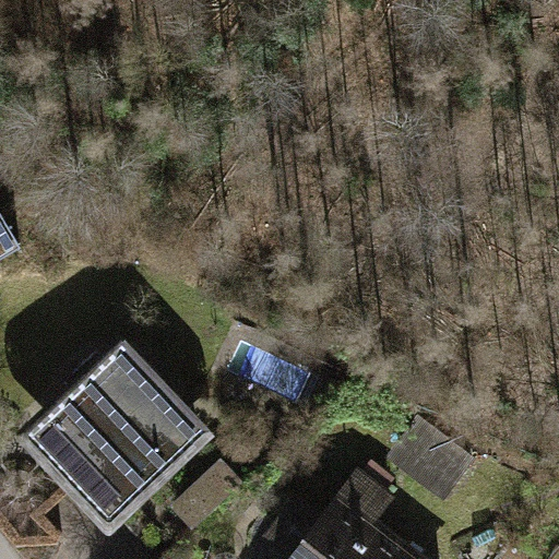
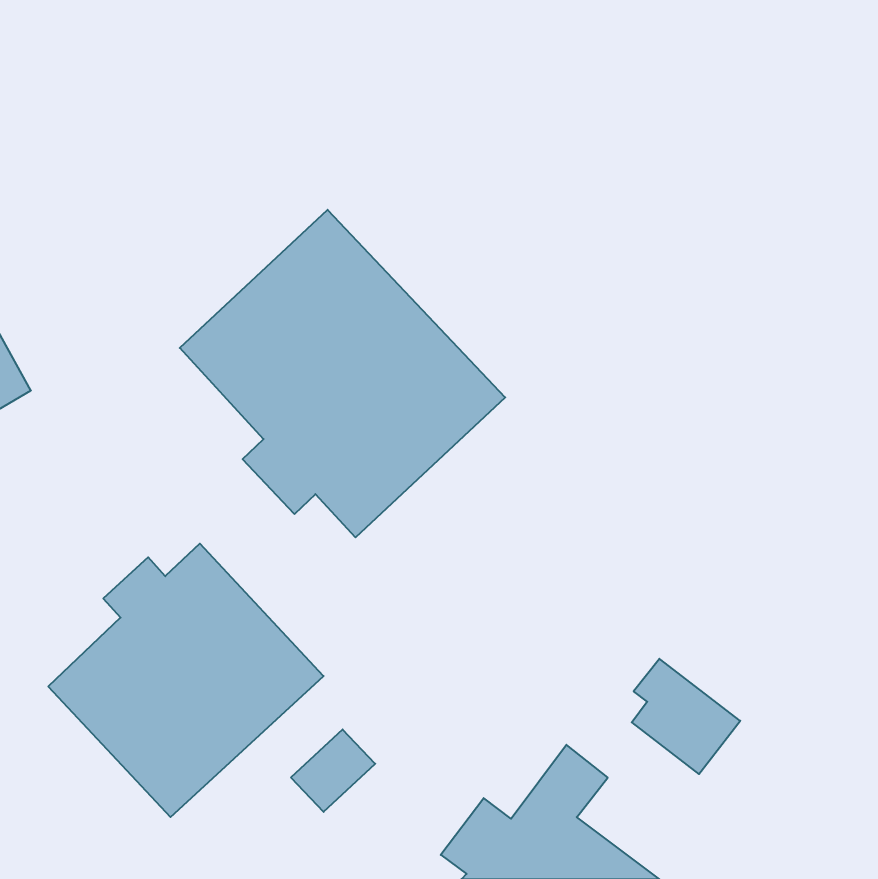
building: none -> [180,210,505,537]

